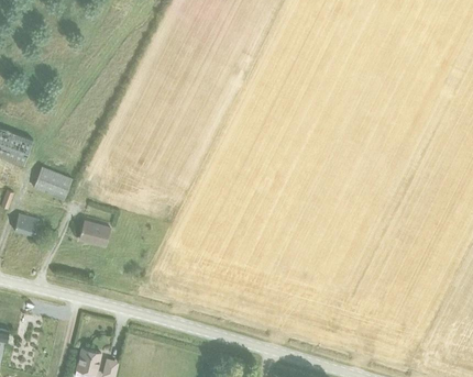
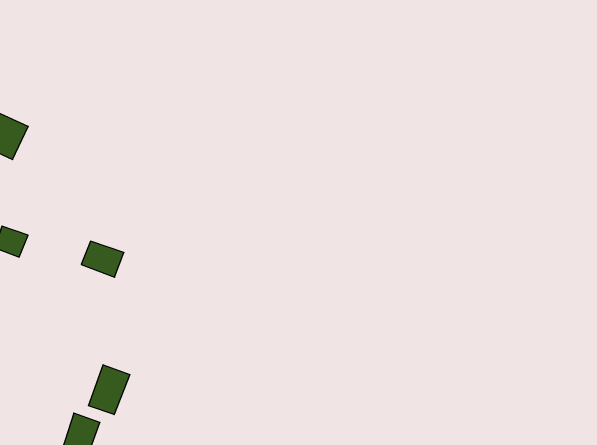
building: [33,167,72,200] -> none
building: none -> [89,365,130,415]

